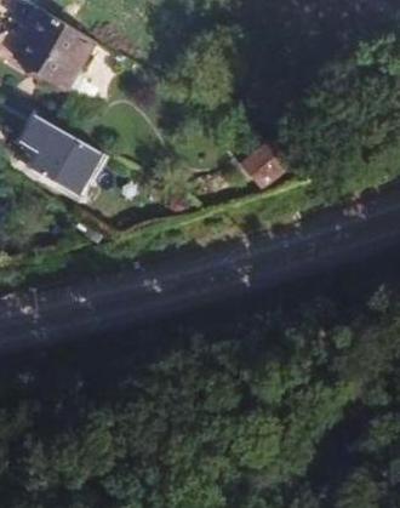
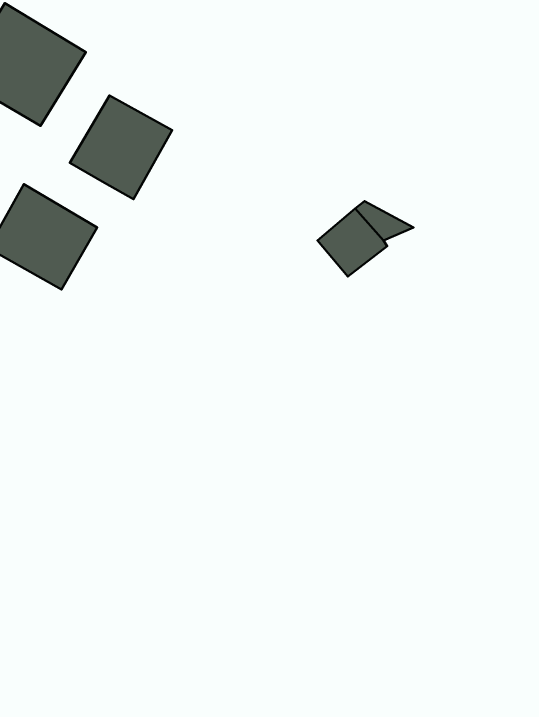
building: none -> [70,95,172,199]

